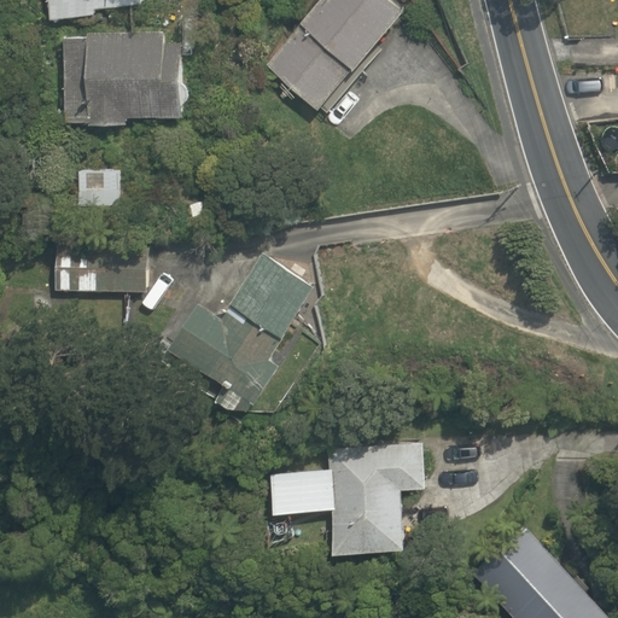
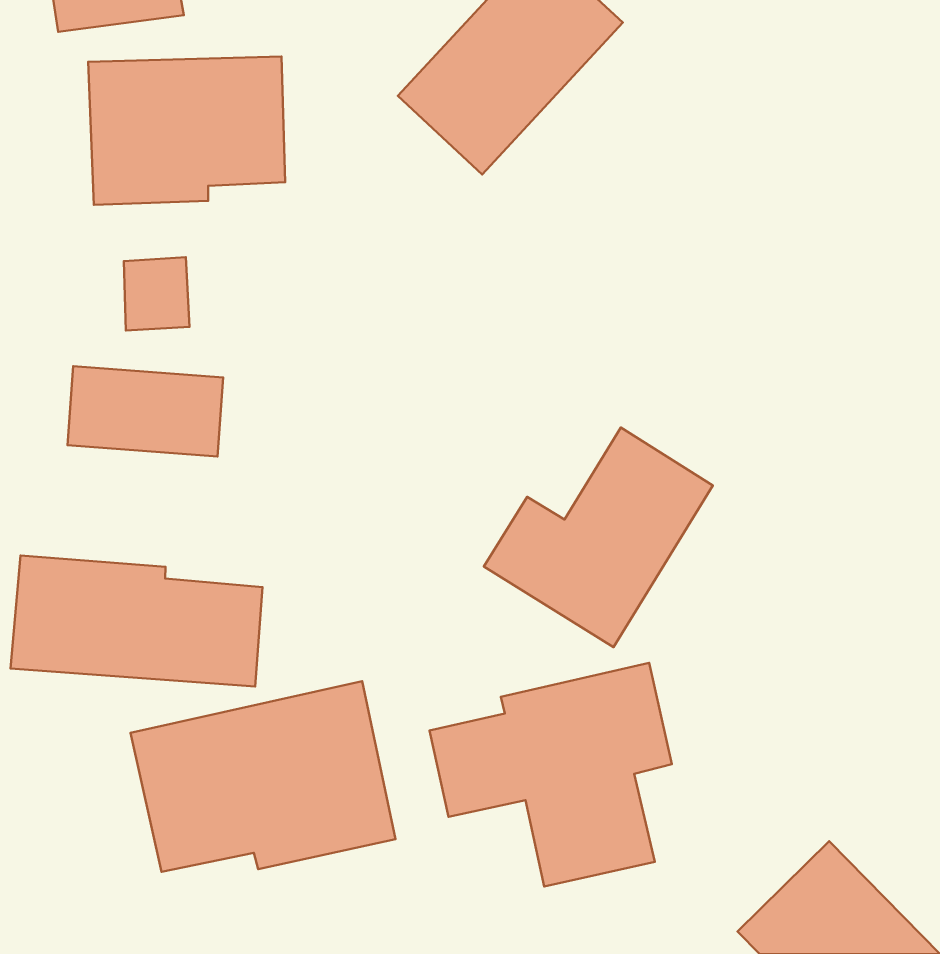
building: [175,253,322,395] -> [484,427,713,647]
building: none -> [10,556,263,687]
building: none -> [131,681,395,872]

